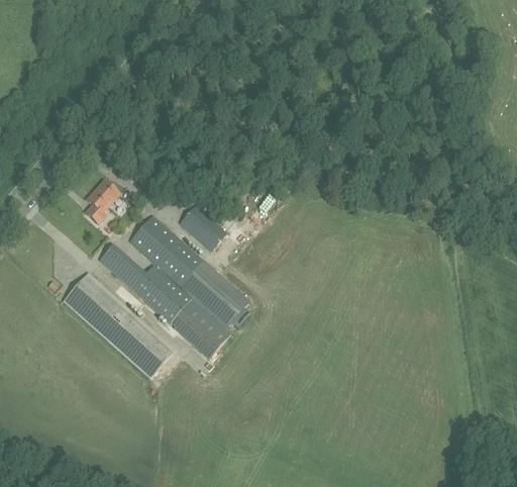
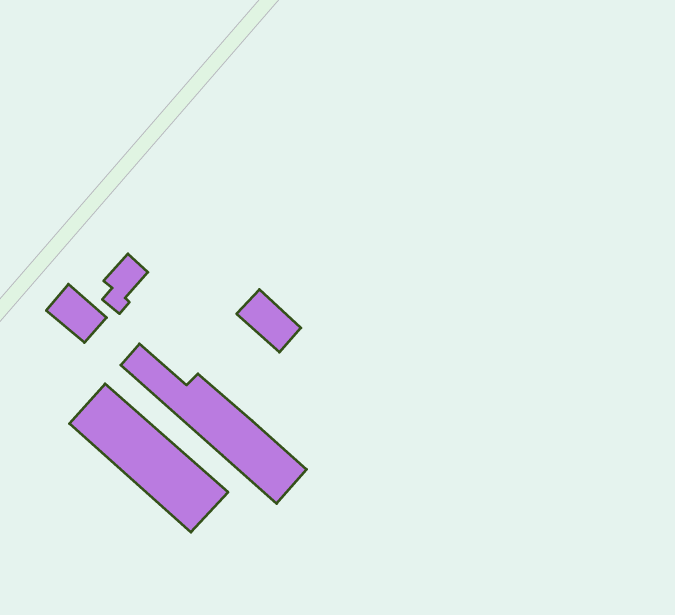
building: none -> [46,284,107,343]
building: [129,215,248,328] -> none

